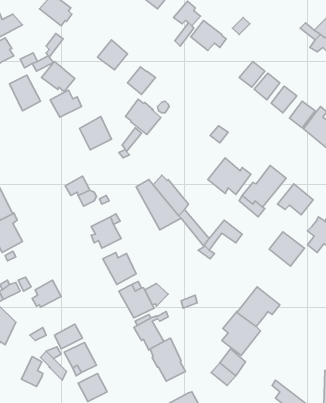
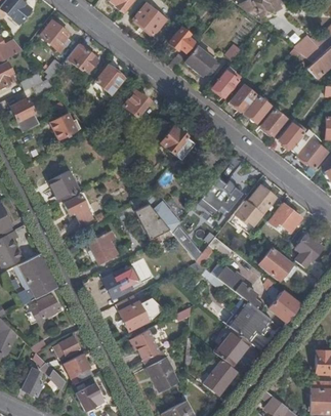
building: none -> [212,66,240,96]
building: [42,61,75,92] -> [66,43,97,72]
building: [125,99,161,135] -> [160,126,194,160]
building: [79,117,112,150] -> [48,170,79,202]
building: none -> [18,253,56,298]
building: none -> [216,266,260,309]
building: none -> [268,290,299,322]

